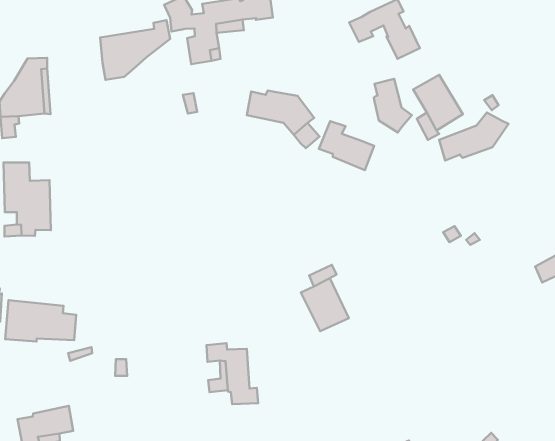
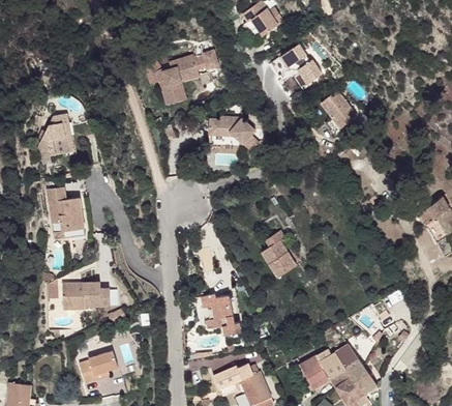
building: [100,20,170,80] -> none
building: [374,79,412,133] -> none
building: [439,112,509,160] -> none
building: [319,121,374,170] -> none

